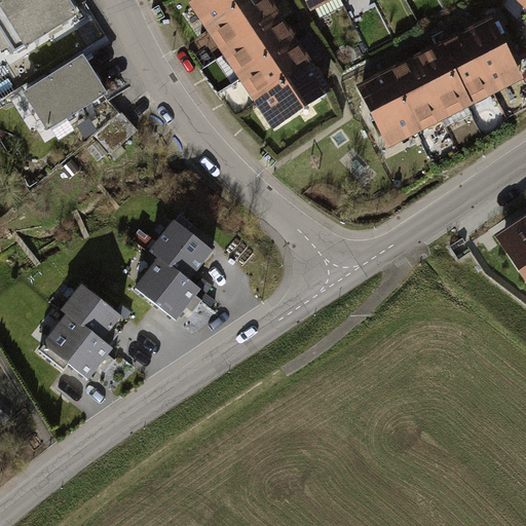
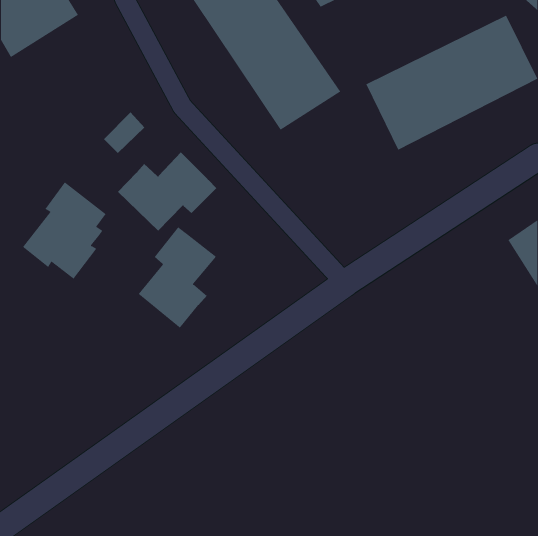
building: [14,50,111,139] -> none
building: none -> [117,151,217,232]
building: [39,283,121,378] -> [22,181,106,279]

